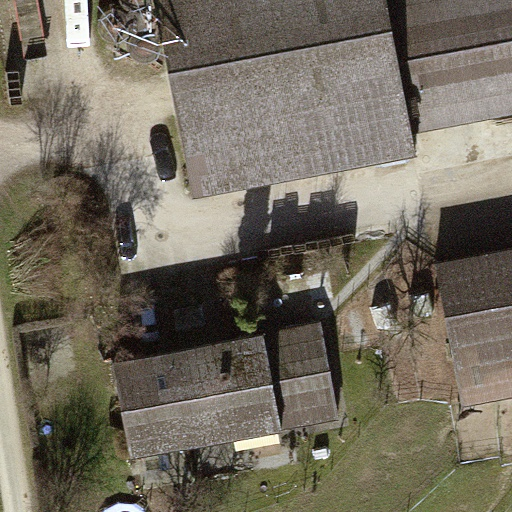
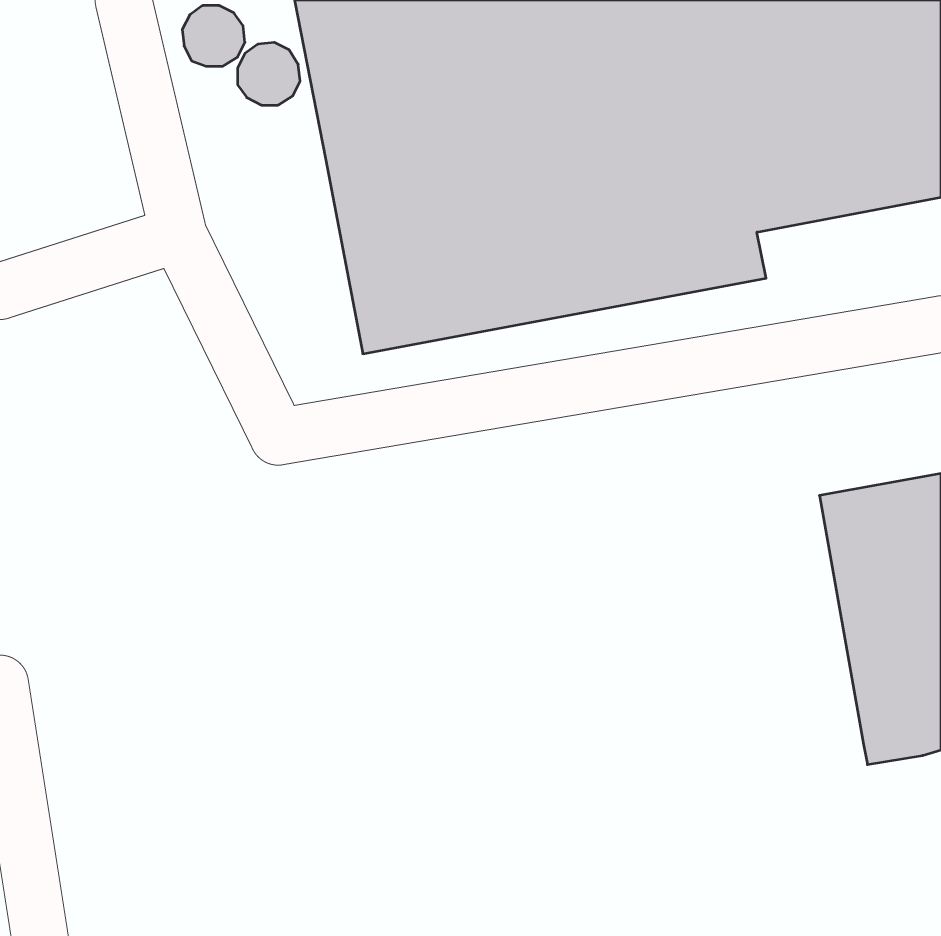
building: [113,324,339,456] -> none

